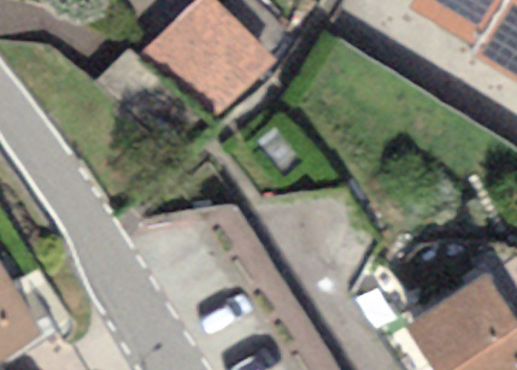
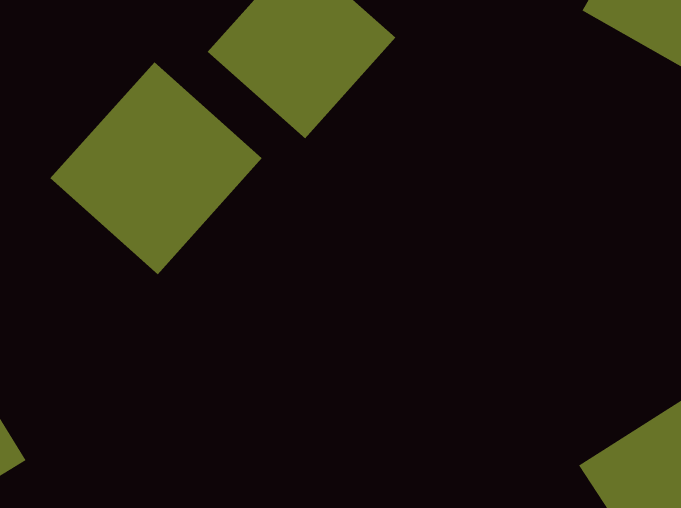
building: none -> [49,62,263,275]

